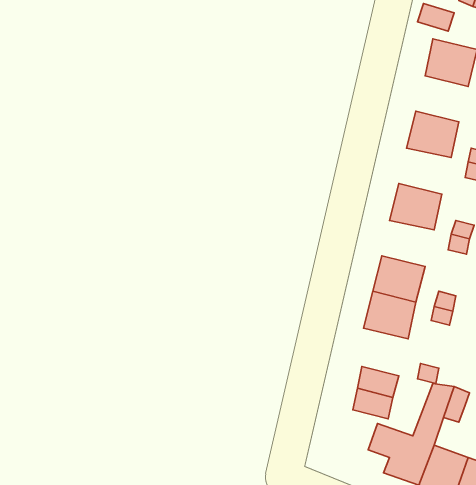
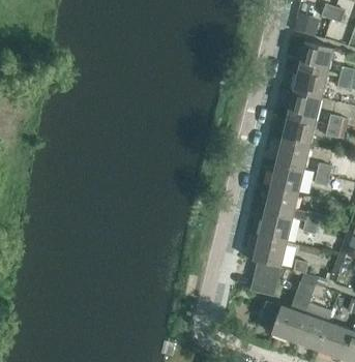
building: none -> [292,66,327,97]
building: none -> [280,115,316,146]
building: none -> [269,163,304,194]
building: none -> [252,236,287,267]

